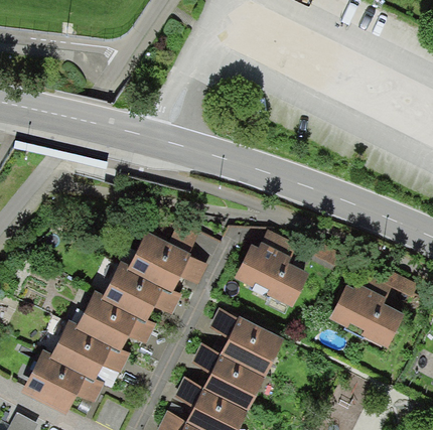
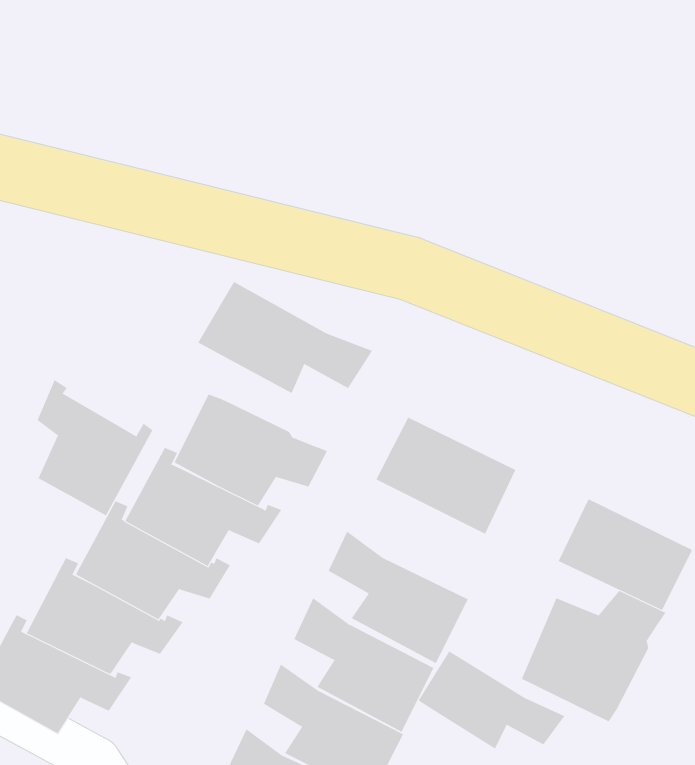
building: none -> [198,281,373,394]
building: none -> [37,379,153,516]
building: none -> [521,590,666,722]
building: none -> [418,651,565,749]

